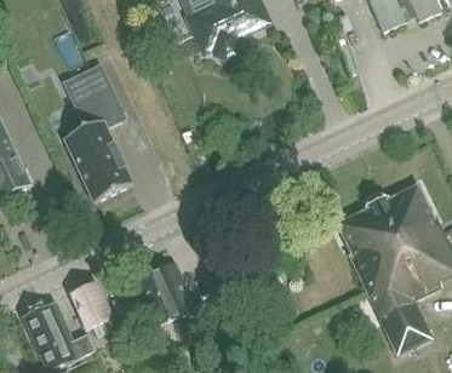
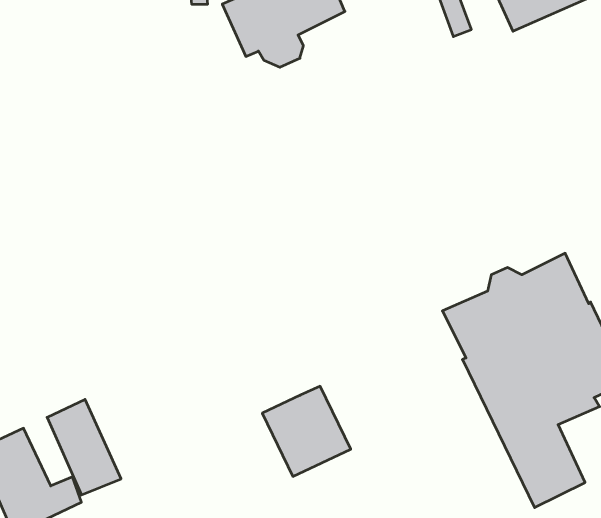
building: [64,64,132,201] -> none
building: [136,263,195,323] -> [262,386,351,476]

